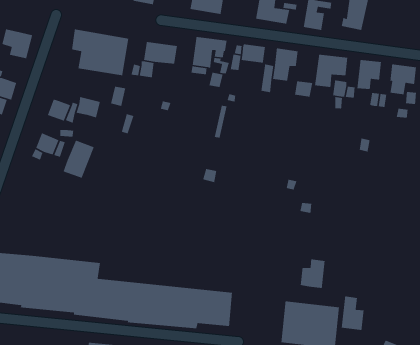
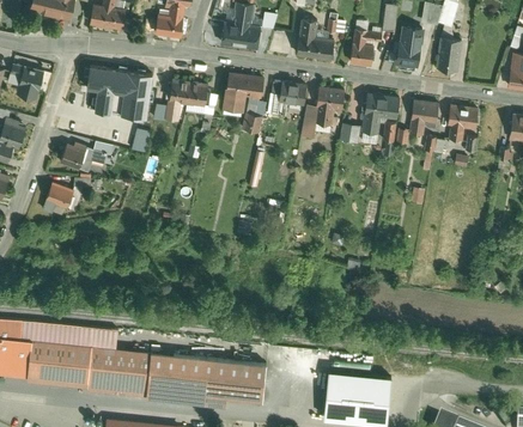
building: none -> [437,37,462,71]
building: [63,140,95,179] -> none
building: [300,258,325,289] -> none
building: [341,296,365,331] -> none

